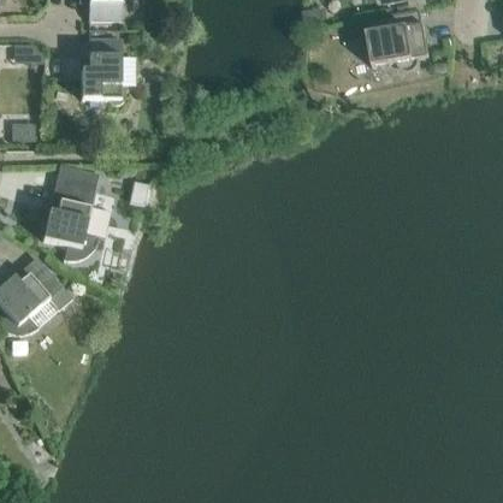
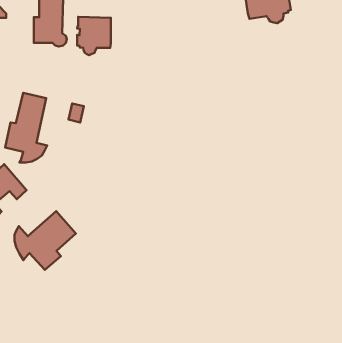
building: none -> [77,17,111,55]
building: none -> [15,211,76,270]

